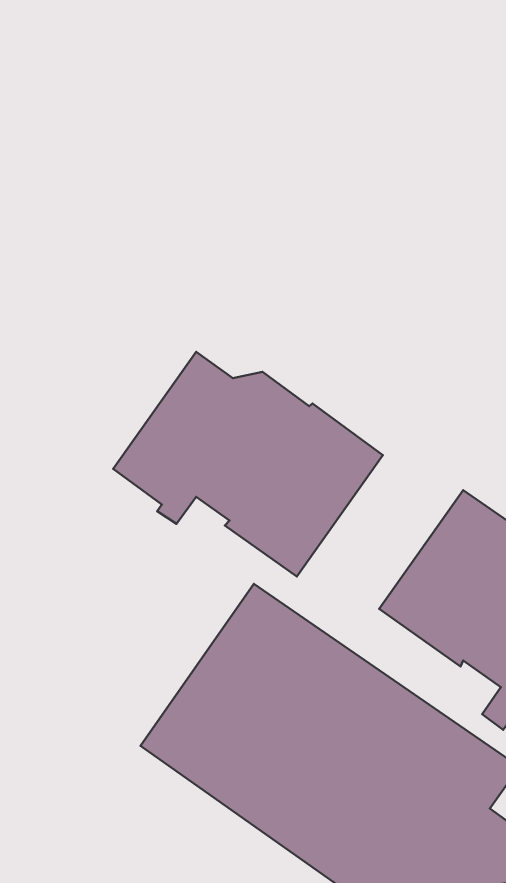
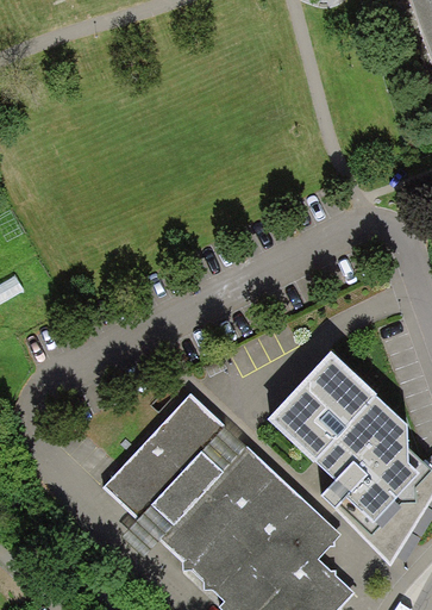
building: [113,352,383,576] -> none

